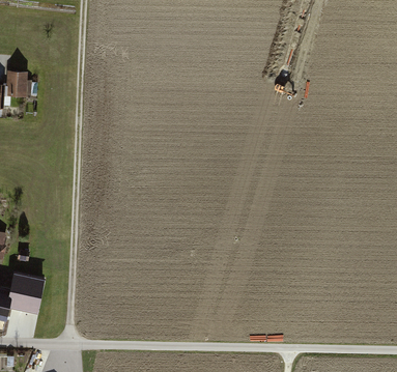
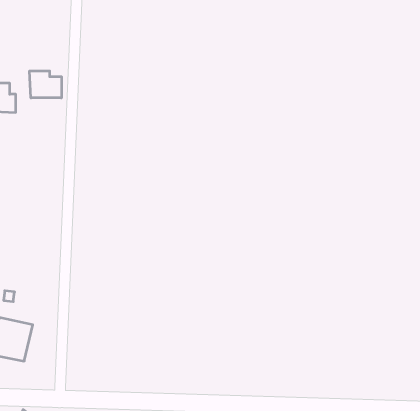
building: none -> [30,71,61,98]

